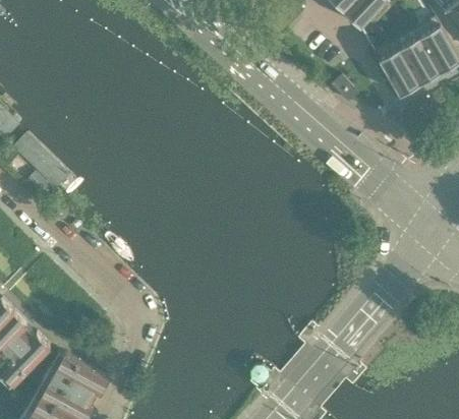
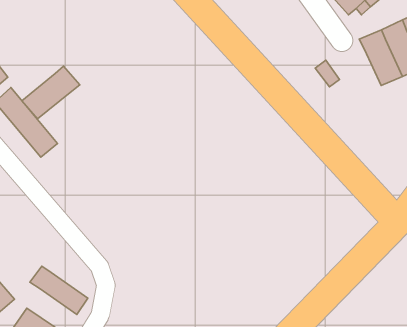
building: none -> [22,66,80,119]
building: none -> [30,266,88,314]

